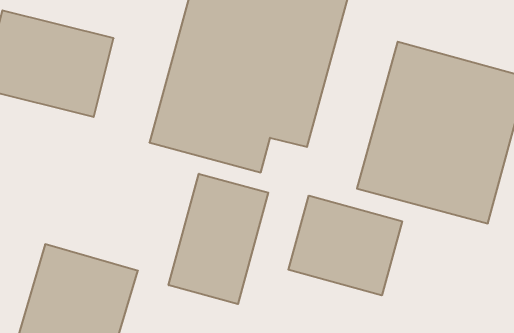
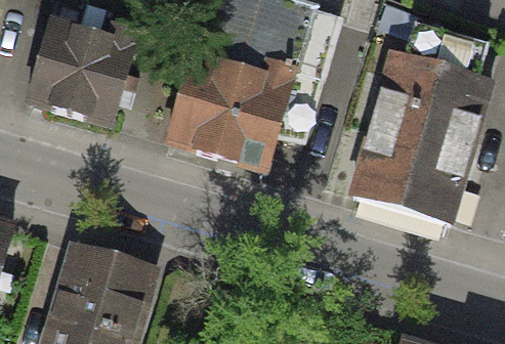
building: [169,174,268,304] -> none
building: [288,196,402,295] -> none

